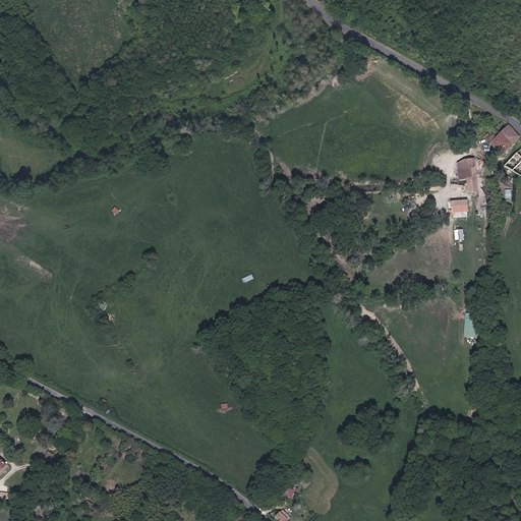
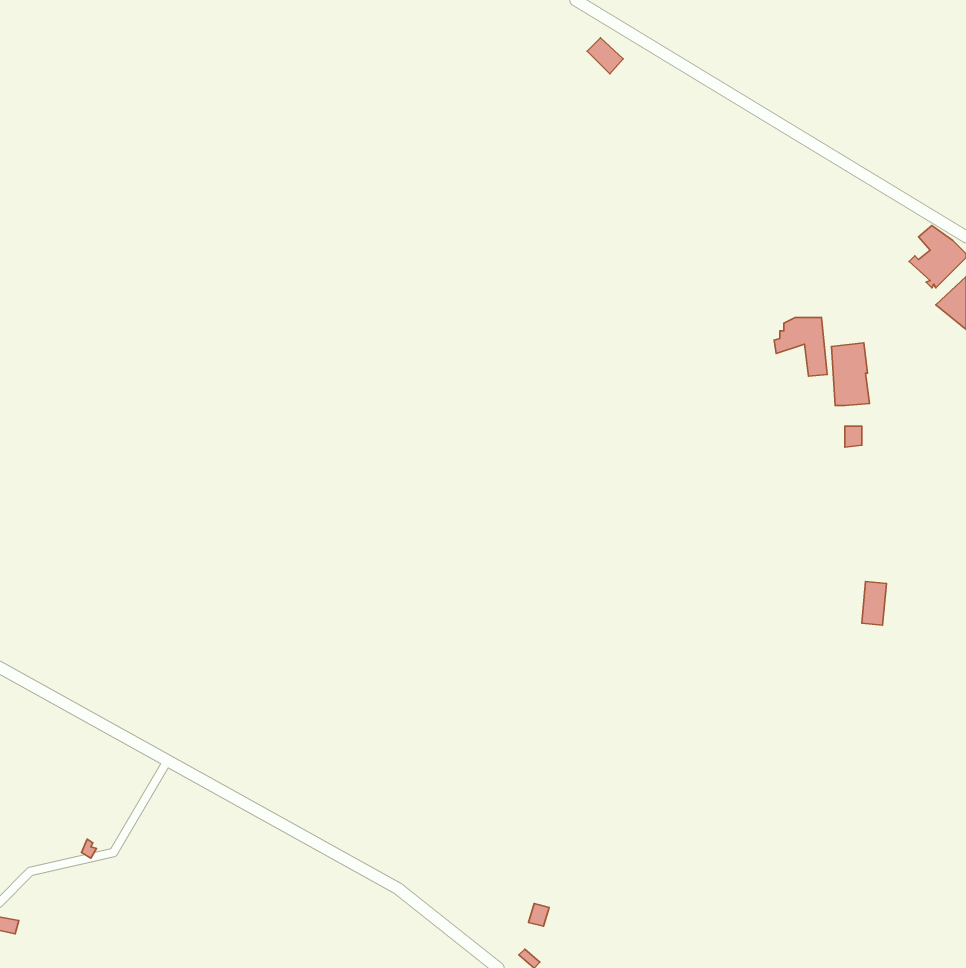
building: [453,161,481,192] -> [774,318,827,376]

